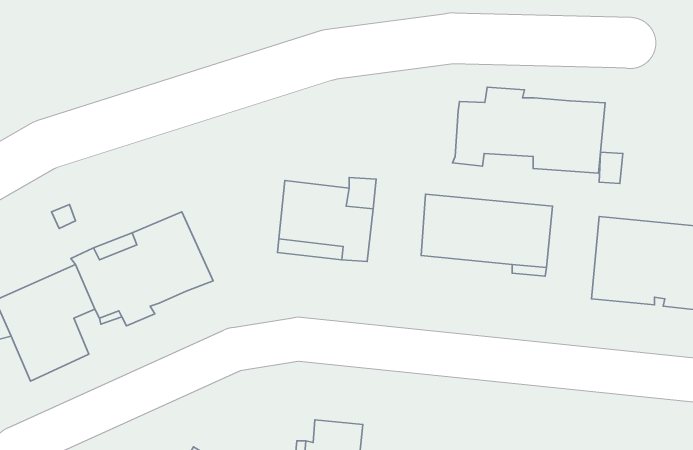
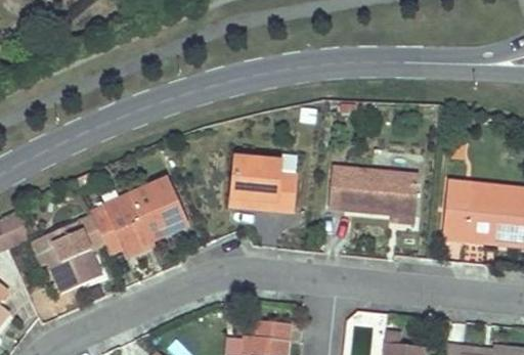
building: [452,87,605,173] -> none

